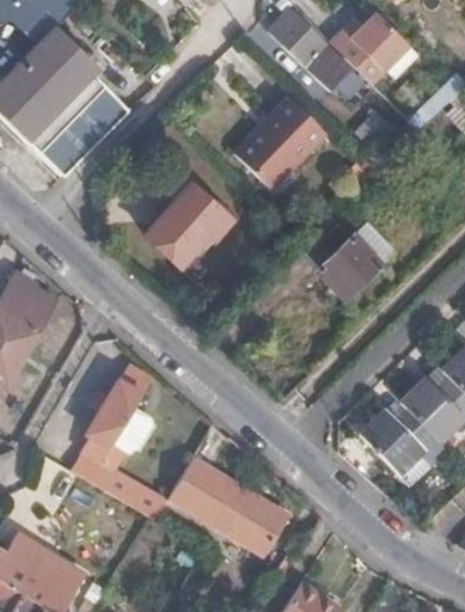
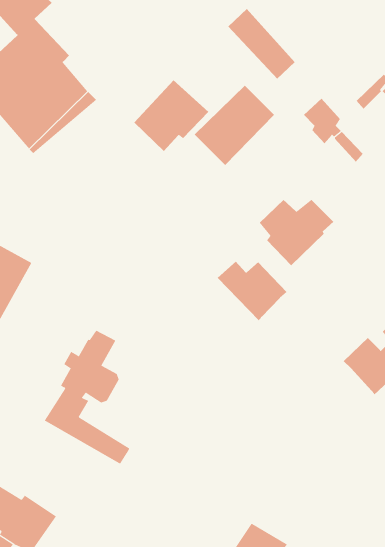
building: [330,16,408,85] -> none
building: [147,184,231,264] -> [134,80,209,152]
building: none -> [217,261,287,321]
building: [359,408,433,471] -> none
building: [163,461,282,559] -> none

